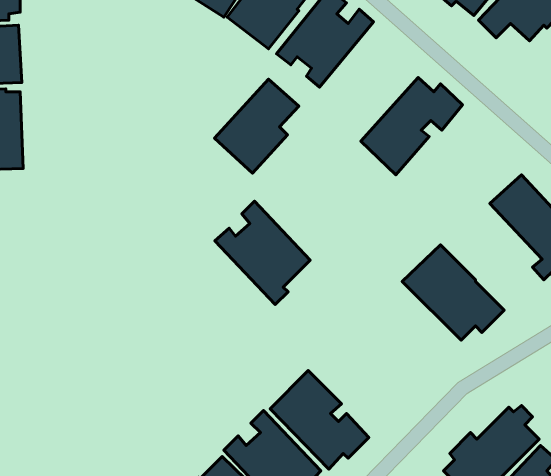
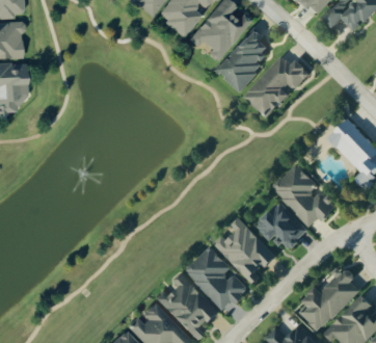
building: [214,79,299,173] -> [215,30,270,91]
building: [215,201,310,305] -> [213,217,275,285]
building: none -> [256,203,308,249]

